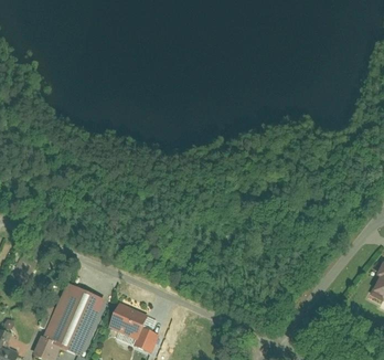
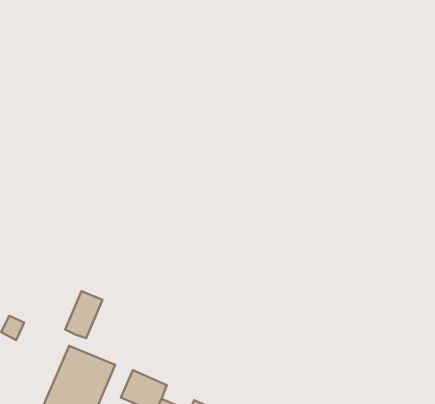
building: none -> [65,291,103,338]

